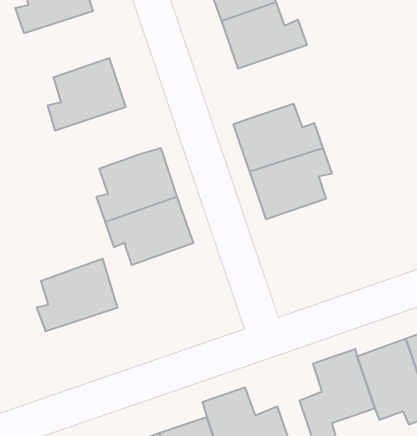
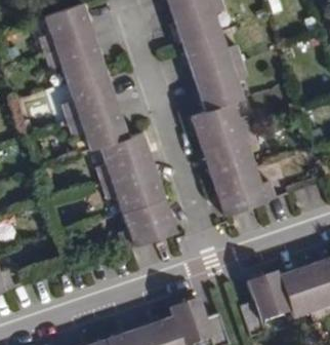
building: none -> [46,36,106,82]
building: none -> [195,60,249,110]
building: none -> [68,103,127,149]
building: none -> [214,166,276,214]
building: [37,259,118,331] -> [118,197,174,247]

